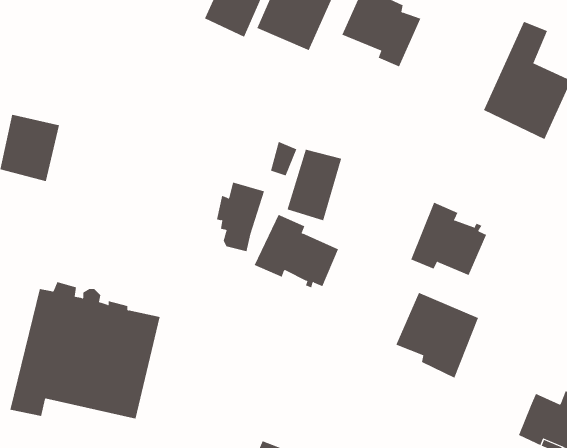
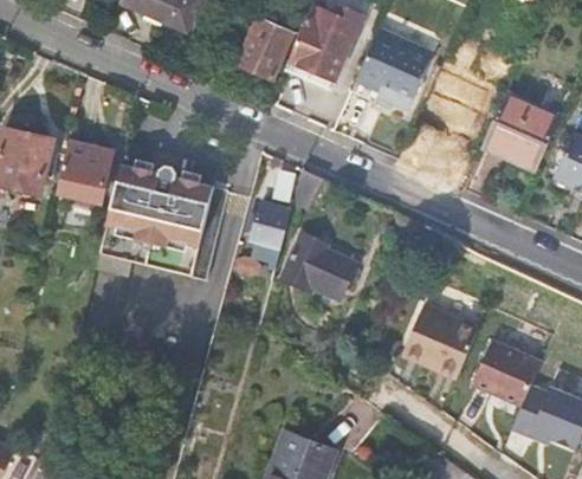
building: [287,149,342,221] -> none
building: [411,202,487,276] -> none
building: [10,282,161,419] -> [95,160,227,280]
building: none -> [474,337,543,402]

